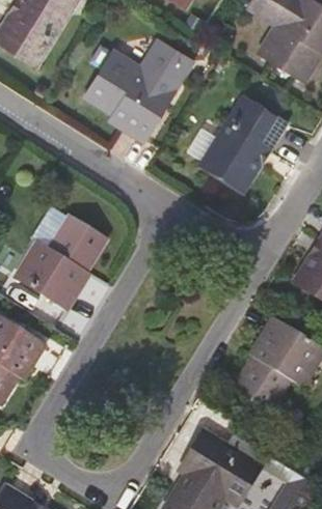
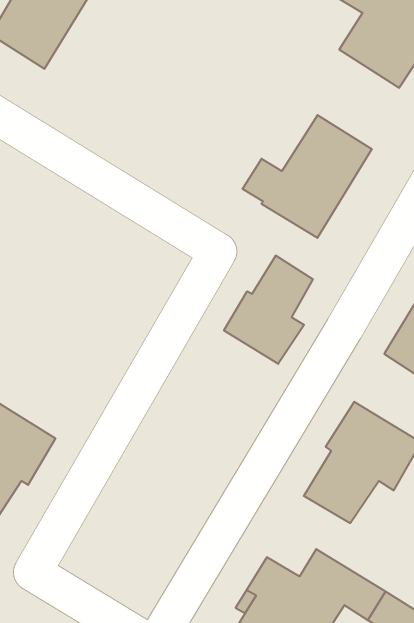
building: [84,36,193,137] -> none
building: none -> [224,255,313,364]
building: [15,216,105,308] -> none

